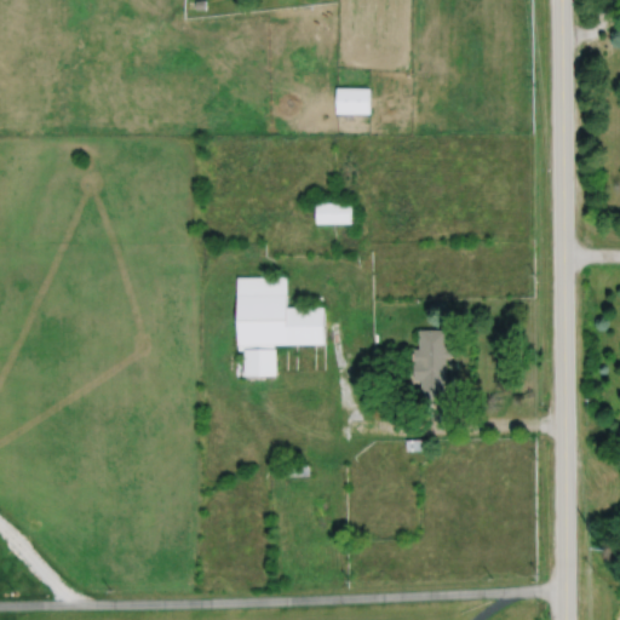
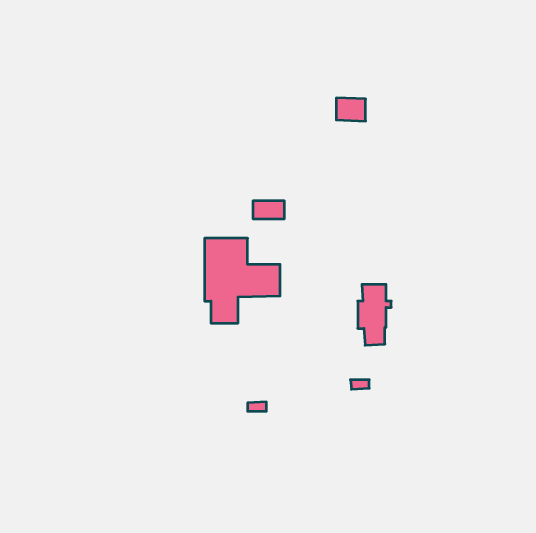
building: [335,88,369,115] -> [336,98,366,121]
building: [316,203,352,224] -> [253,201,284,219]

